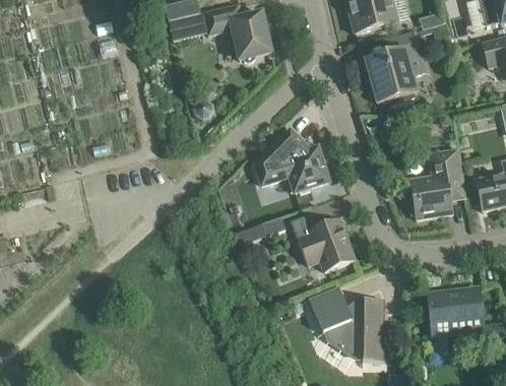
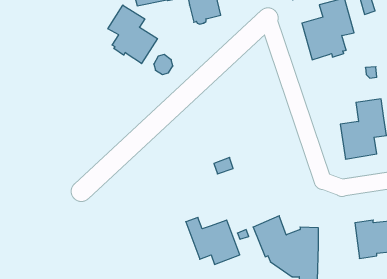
building: none -> [108,5,157,64]
building: [255,130,328,193] -> none
building: [291,216,354,271] -> [186,217,240,264]

